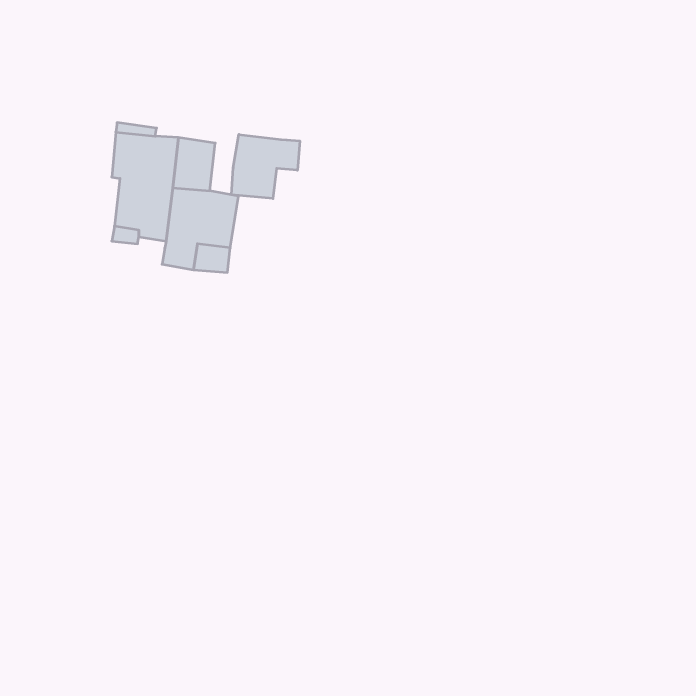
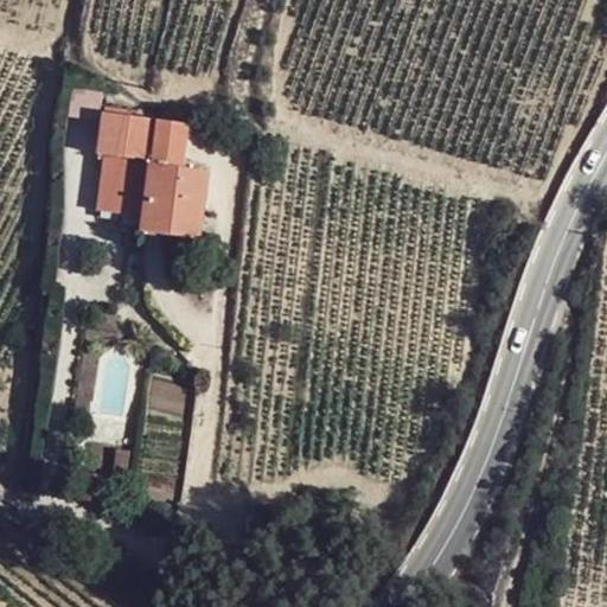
building: [231,134,300,199] -> none

